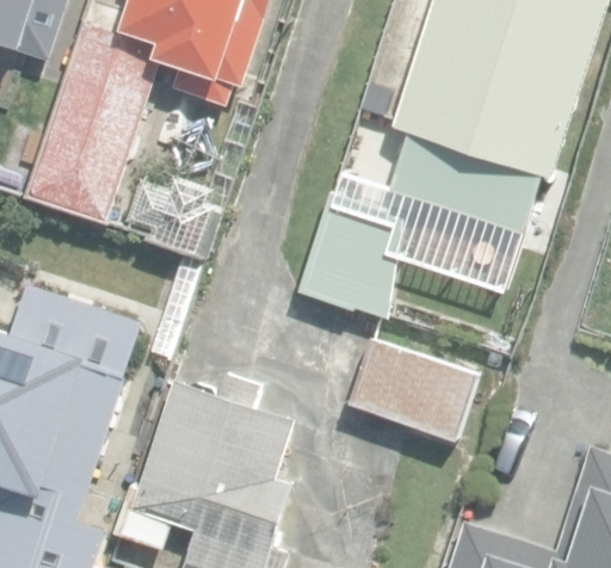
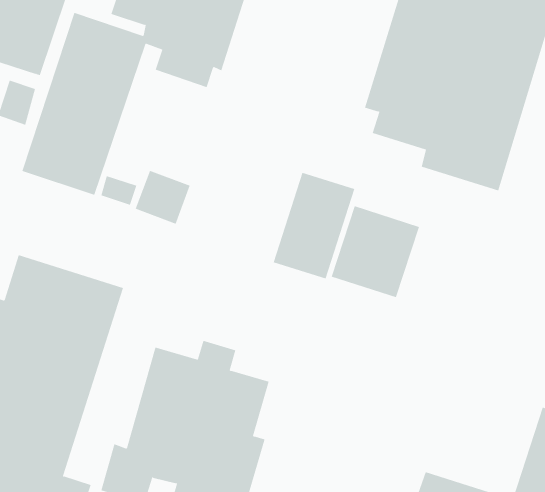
building: [346,338,477,447] -> none

